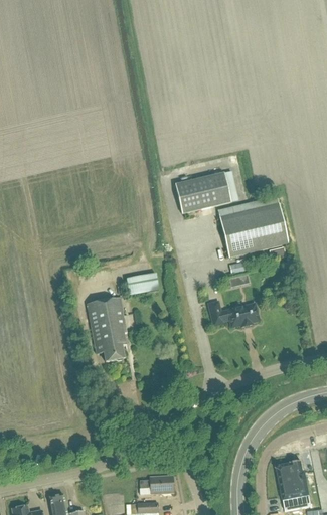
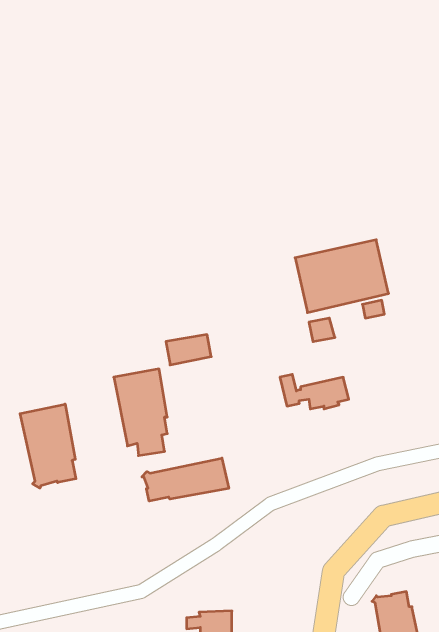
building: [174,172,230,213] -> none
building: none -> [20,404,76,488]
building: none -> [142,458,229,501]

